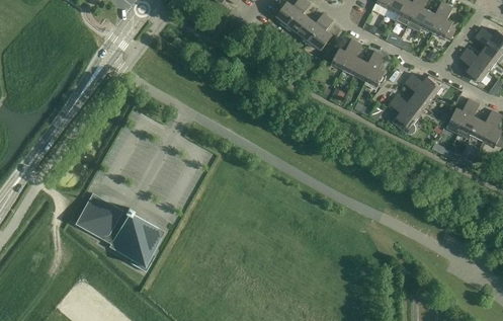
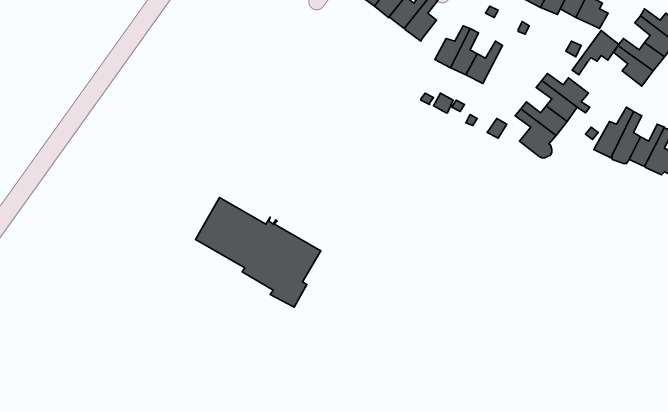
building: none -> [572,30,619,75]
building: [364,53,386,88] -> none
building: [74,192,164,271] -> [196,197,321,307]

